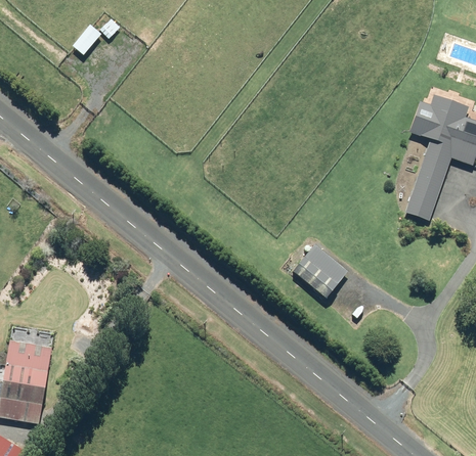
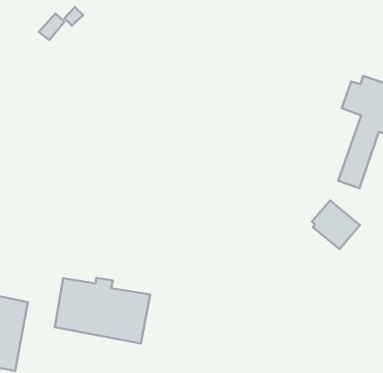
building: [294,243,347,298] -> [312,200,360,249]
building: none -> [55,278,150,343]

